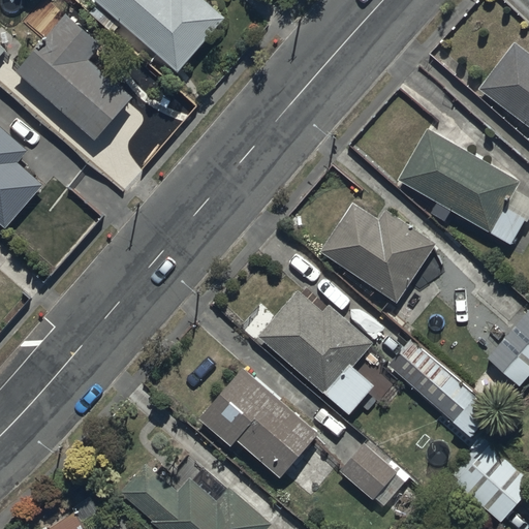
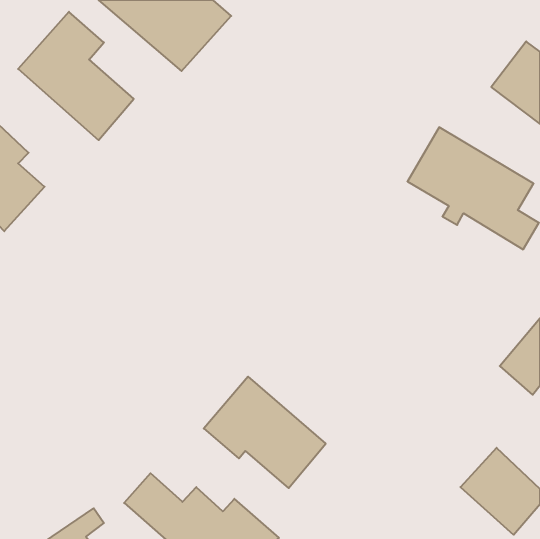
building: [319,203,436,304] -> none
building: [256,289,376,430] -> none
building: [390,341,495,438] -> none
building: [342,444,410,507] -> none

